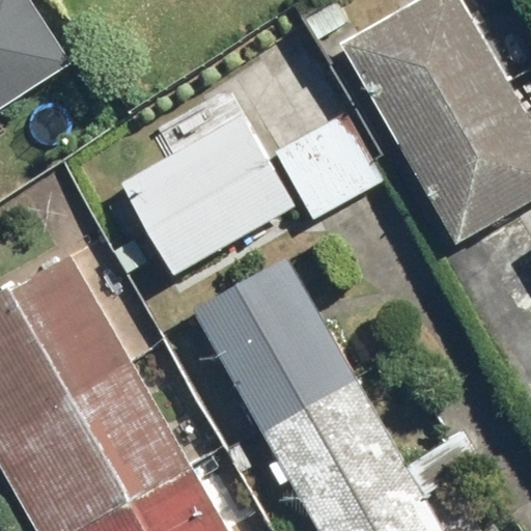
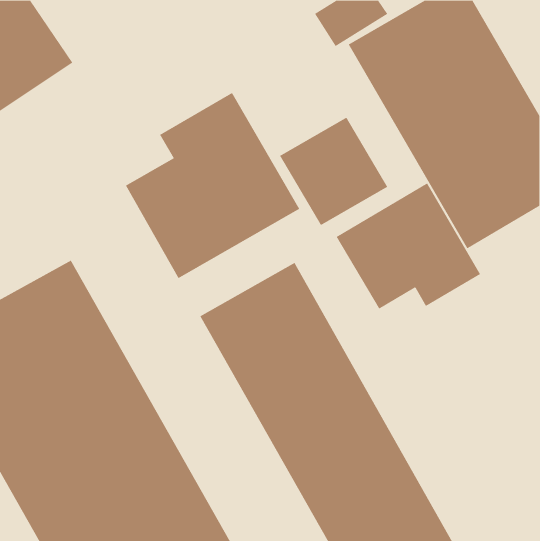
building: none -> [336,183,481,309]

